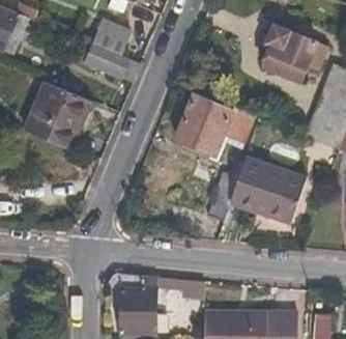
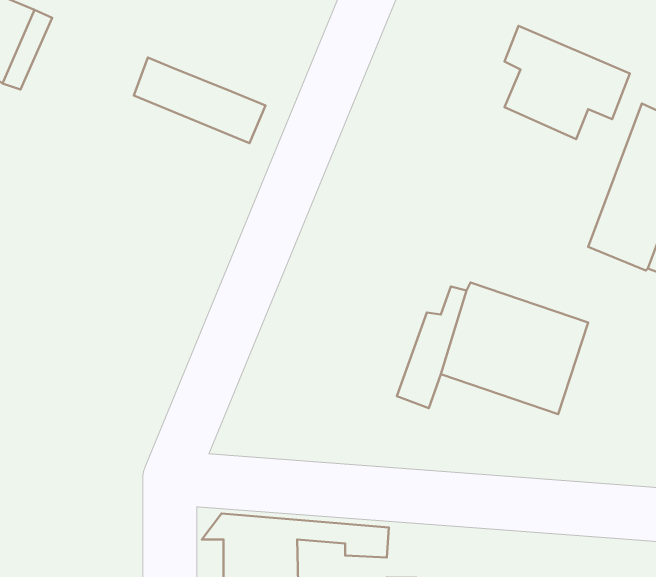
building: [90,19,132,56] -> none
building: [25,82,92,149] -> none
building: [174,93,256,158] -> none

